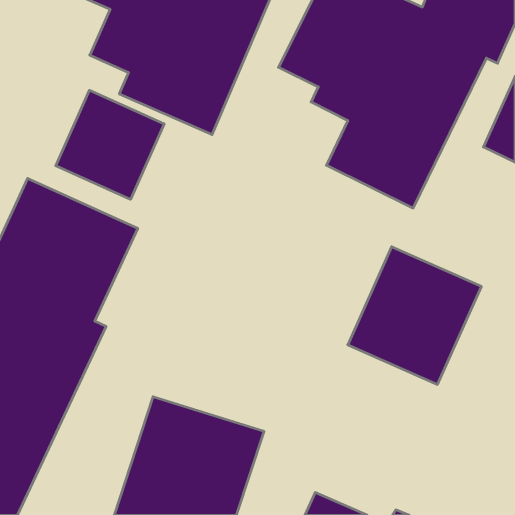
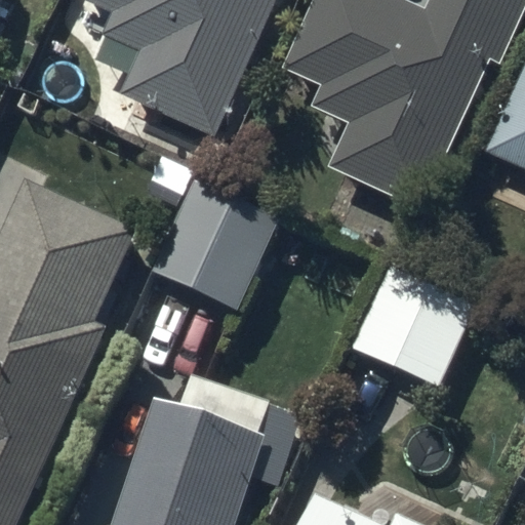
building: [56,90,164,199] -> none
building: none -> [151,177,280,311]

